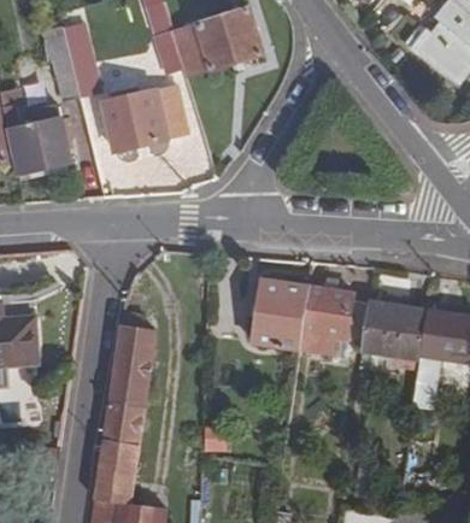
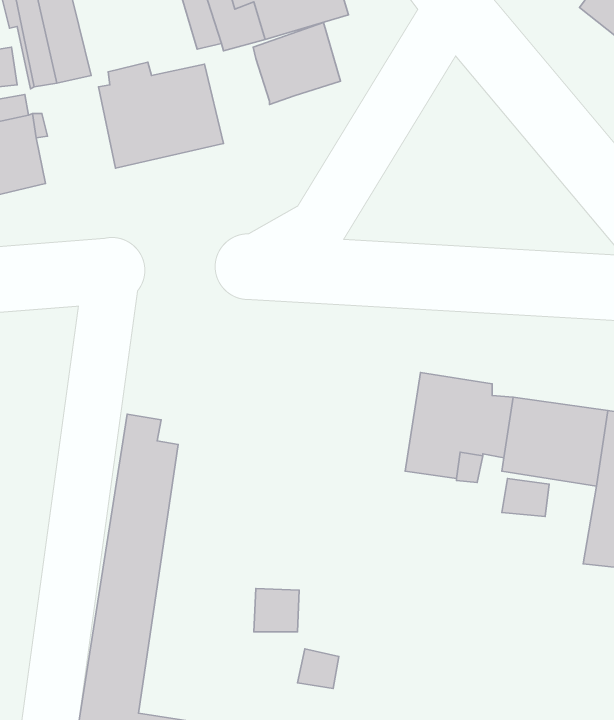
building: none -> [253,22,341,105]
building: [252,278,309,348] -> none

